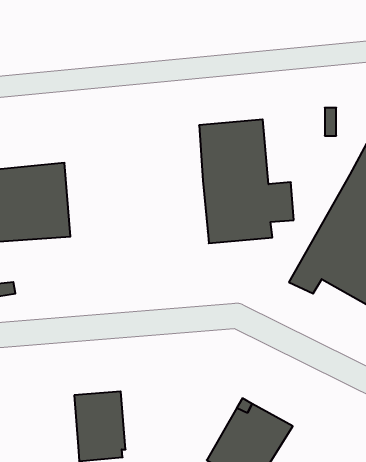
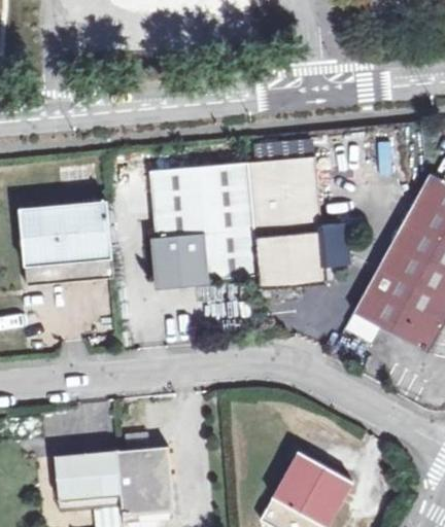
building: none -> [148,162,258,297]
building: none -> [56,449,119,510]

